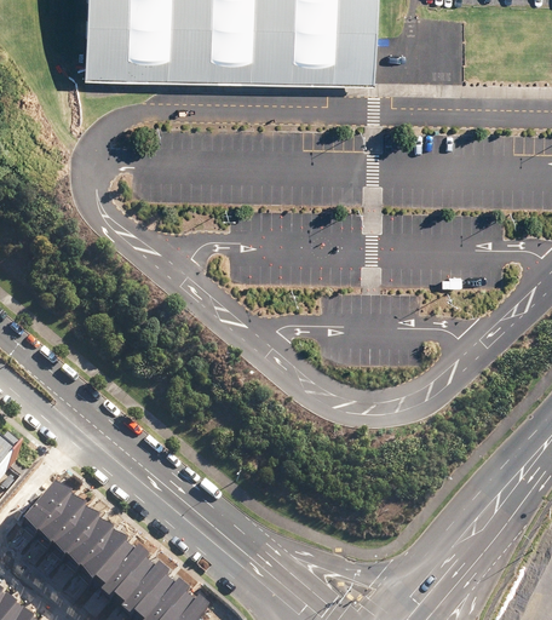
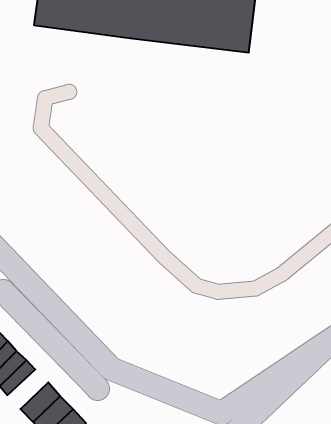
building: [97,540,150,596] -> none

